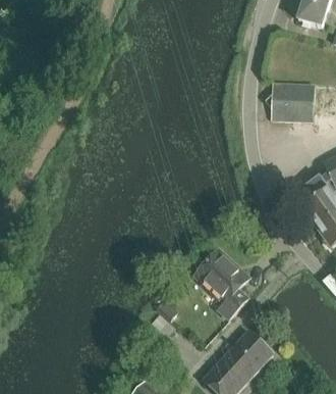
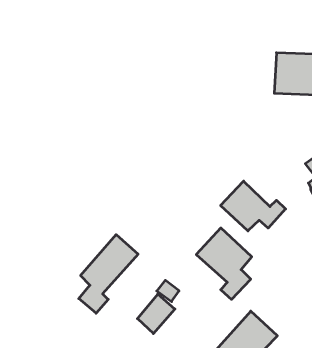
building: none -> [221,181,286,231]
building: none -> [79,235,138,313]

